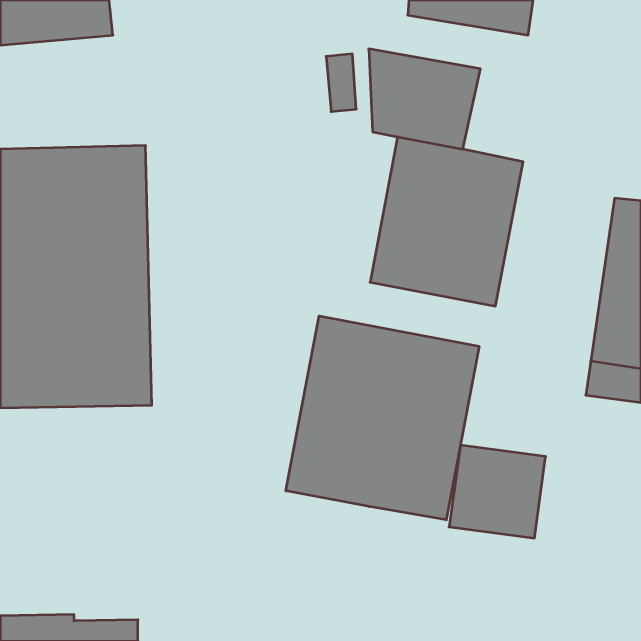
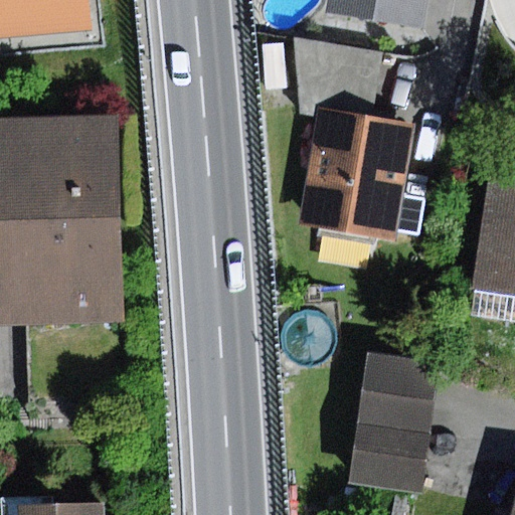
building: [286,316,479,520] -> none
building: none -> [351,422,428,495]

